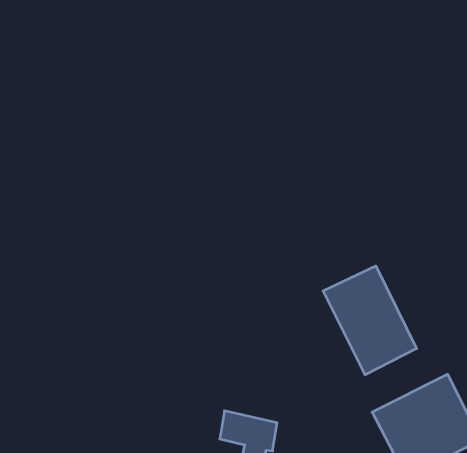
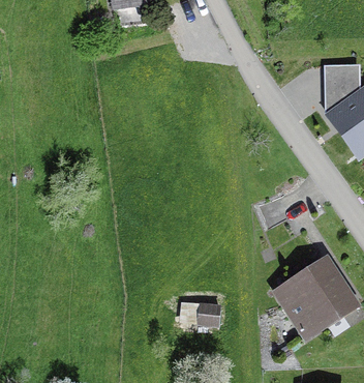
building: [323,266,417,375] -> none

